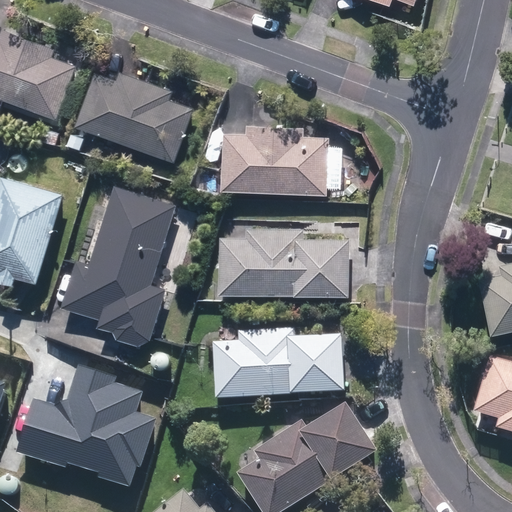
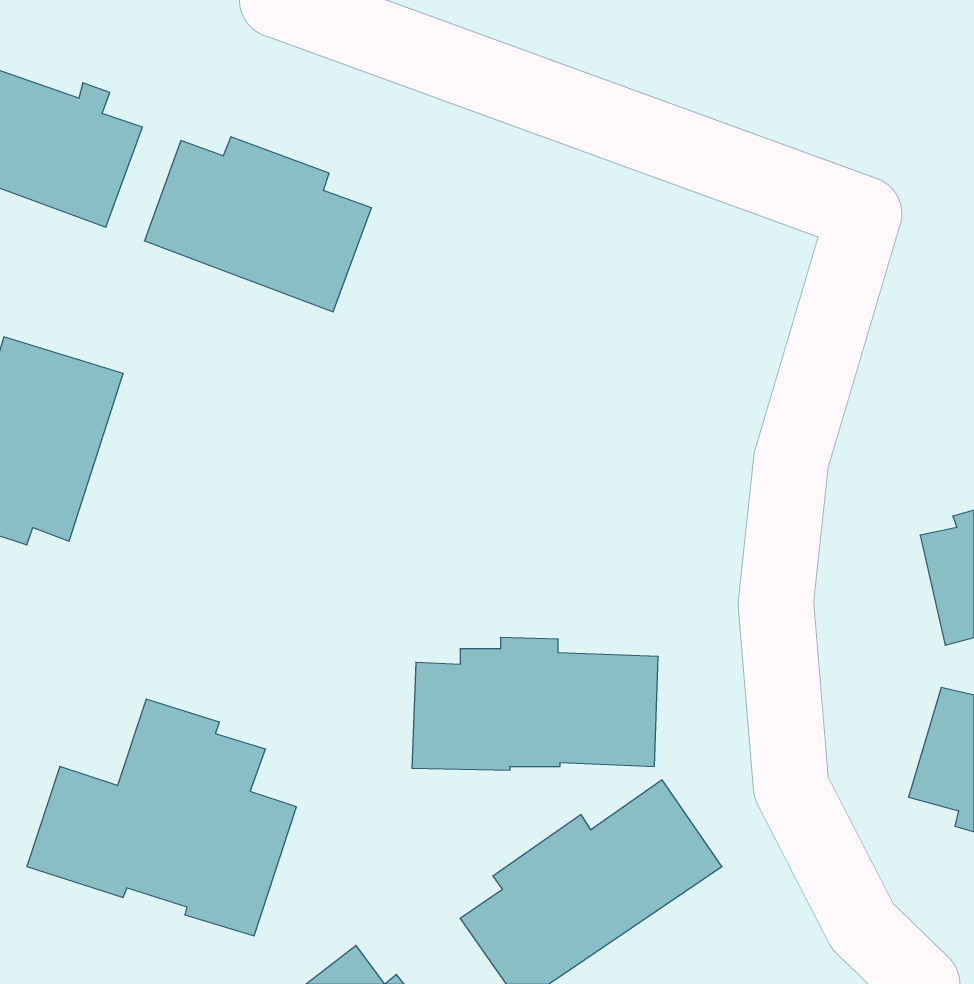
building: [221,124,339,195] -> none
building: [62,187,172,344] -> none
building: [217,227,349,297] -> none

